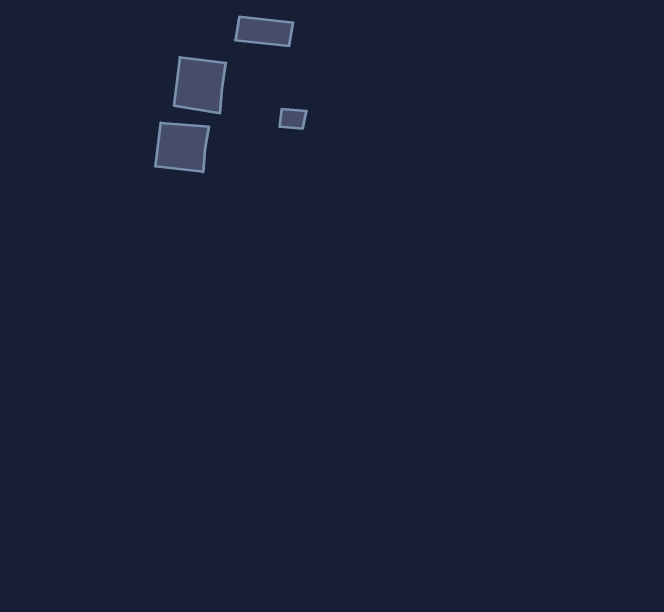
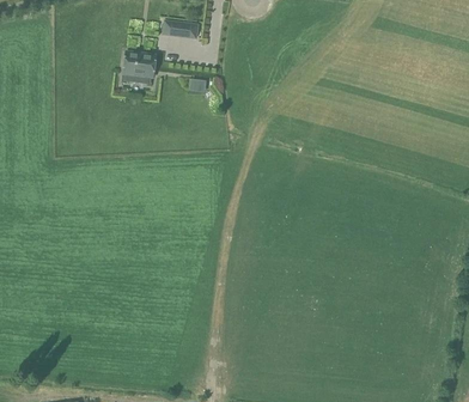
building: [155,123,209,172] -> none

